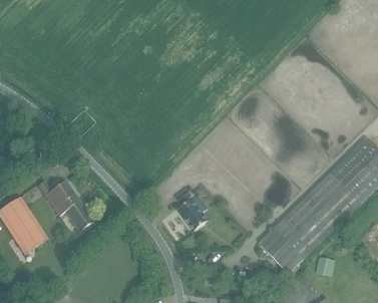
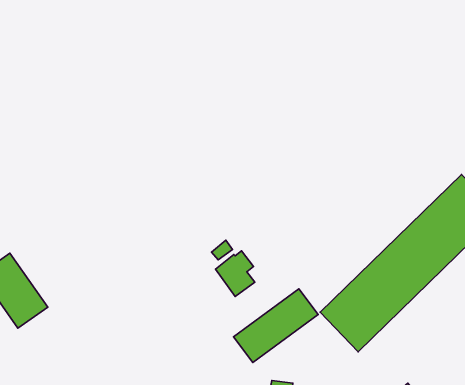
building: [38,181,93,232] -> none
building: none -> [234,289,318,363]

